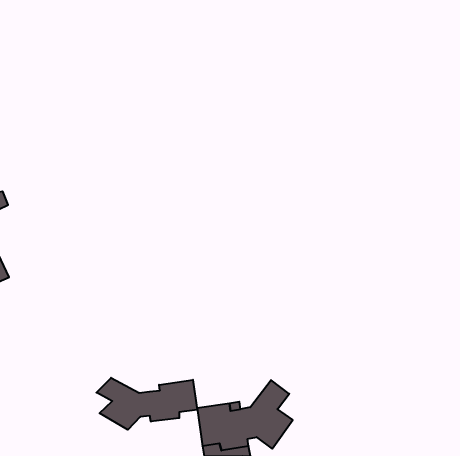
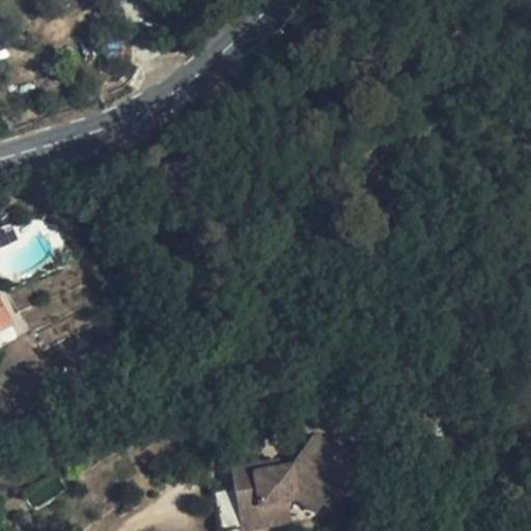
building: [96,378,197,430] -> none

